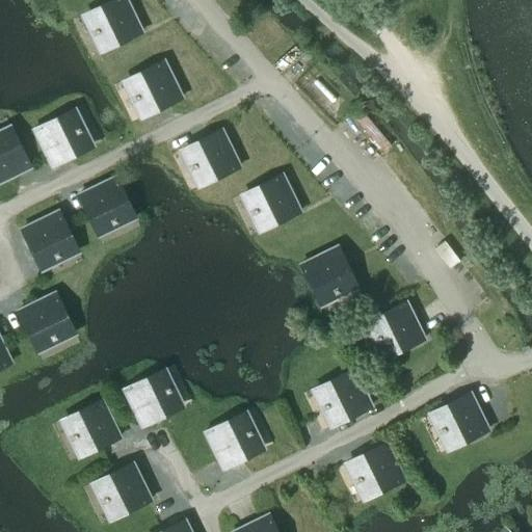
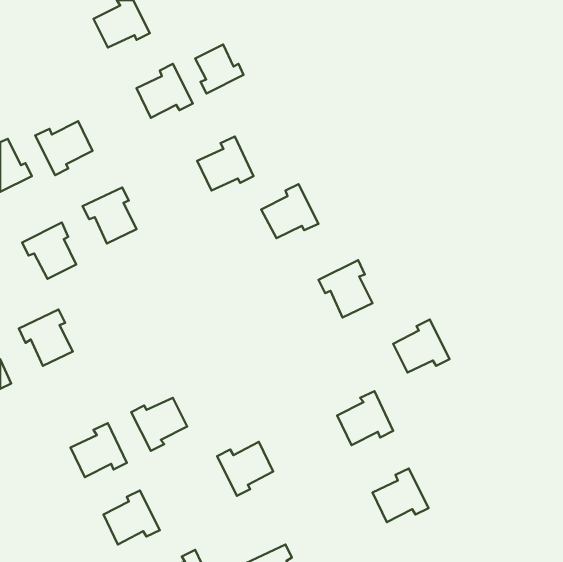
building: none -> [195,45,244,93]
building: [434,393,488,444] -> none

